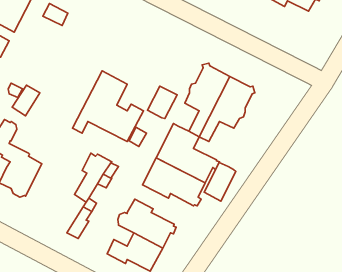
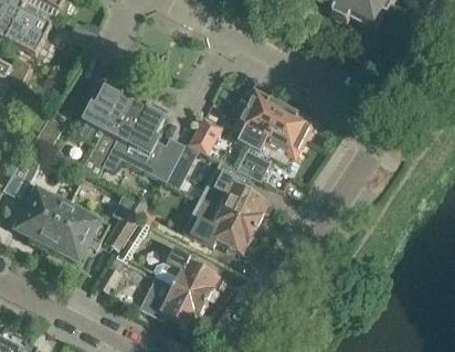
building: none -> [77,84,137,177]
building: [204,162,236,201] -> none
building: none -> [49,205,109,258]

